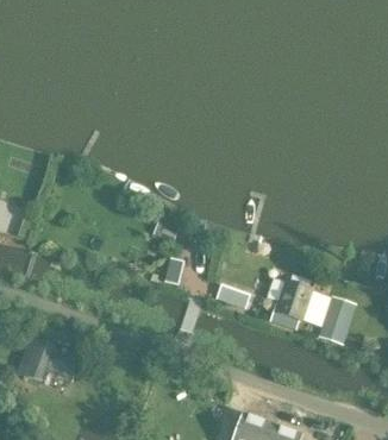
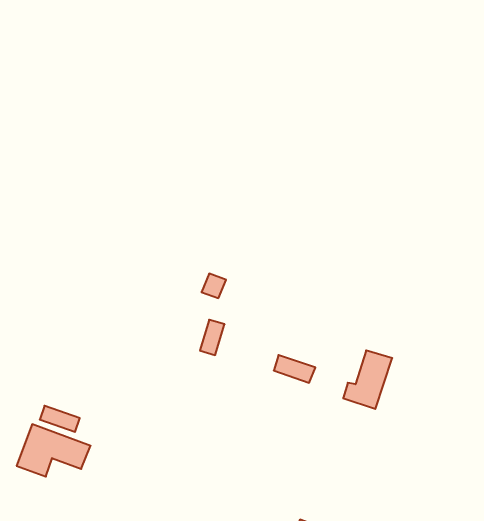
building: [319,296,357,345] -> none

